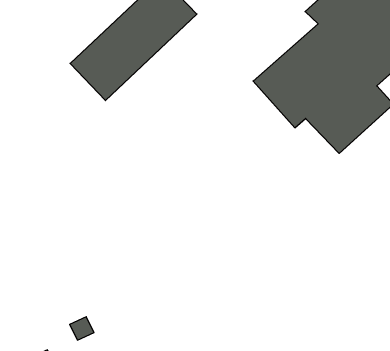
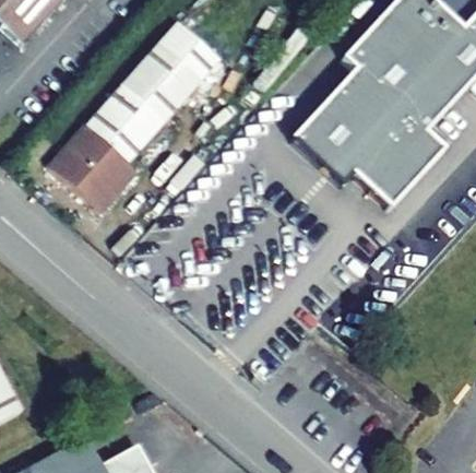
building: none -> [51,126,138,212]

